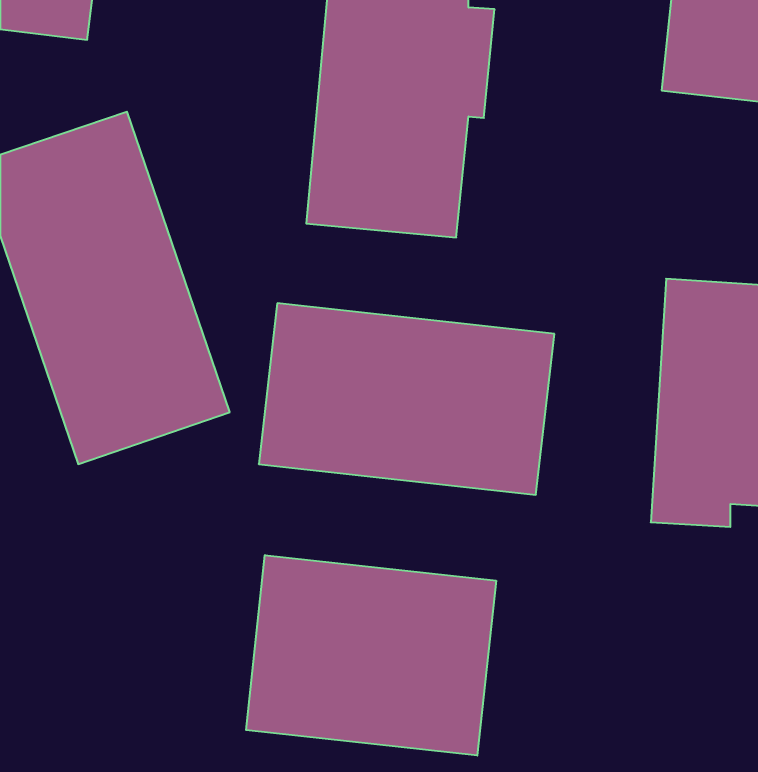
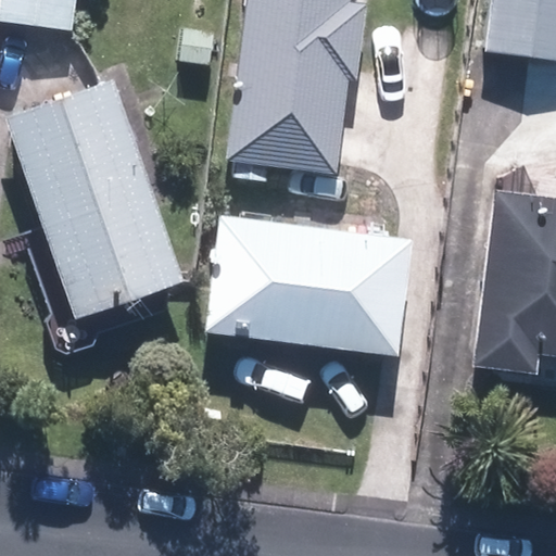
building: [246,555,496,756] -> none

